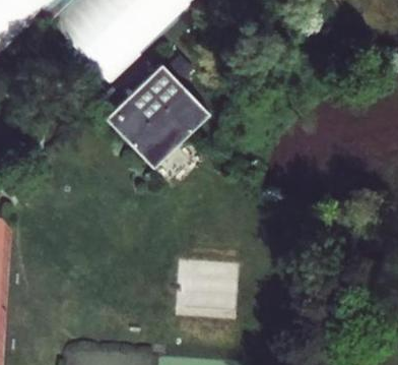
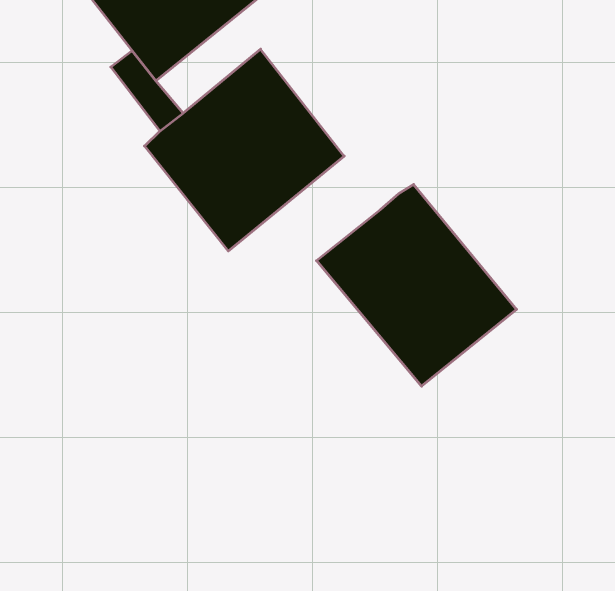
building: none -> [316,184,517,386]

